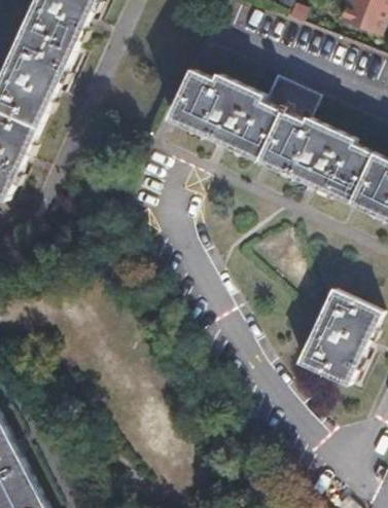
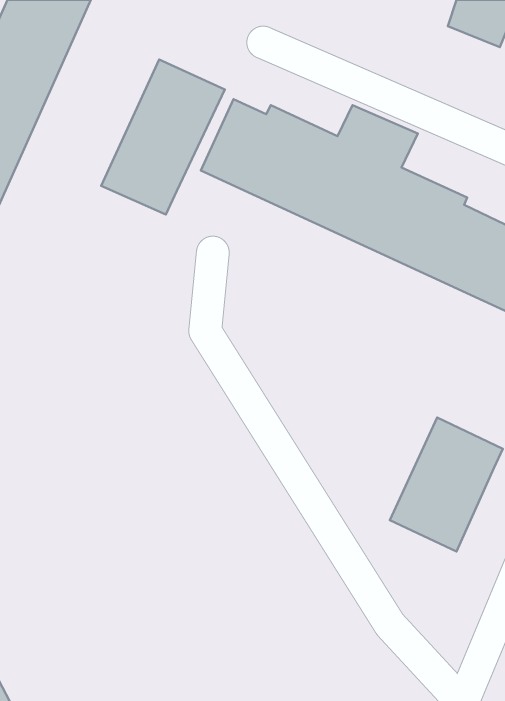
building: none -> [101,59,225,215]

